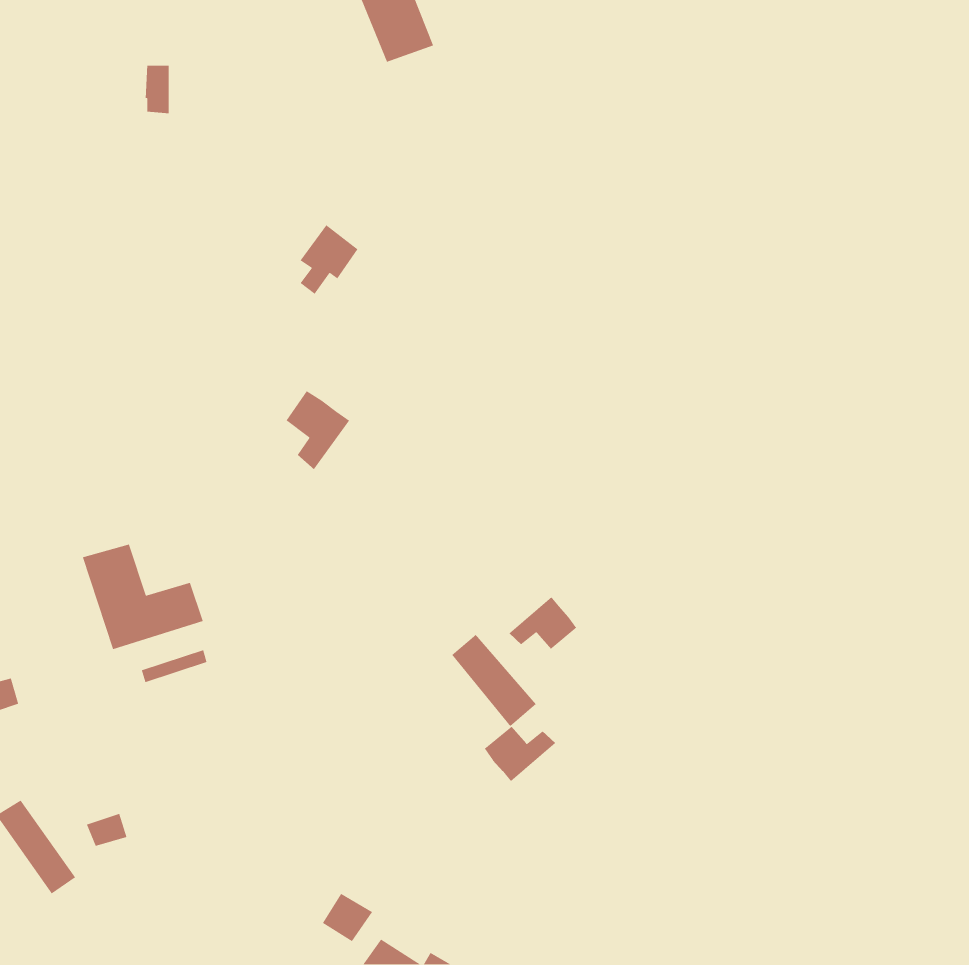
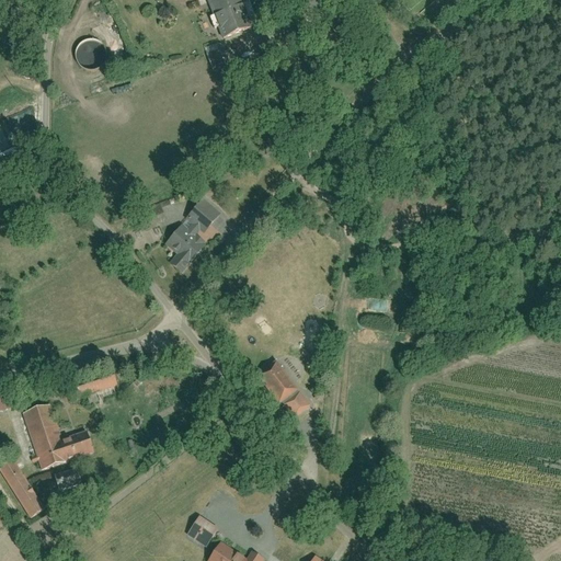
building: [299,224,359,295] -> [185,196,219,237]
building: [82,544,204,650] -> [22,407,92,468]
building: [508,596,577,650] -> none
building: [484,726,556,782] -> none

